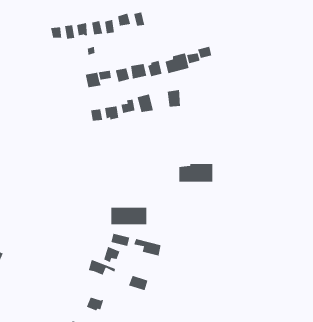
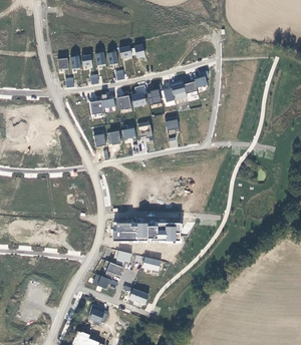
building: [179,163,213,183] -> [146,224,179,242]

